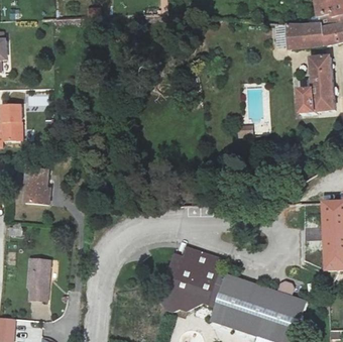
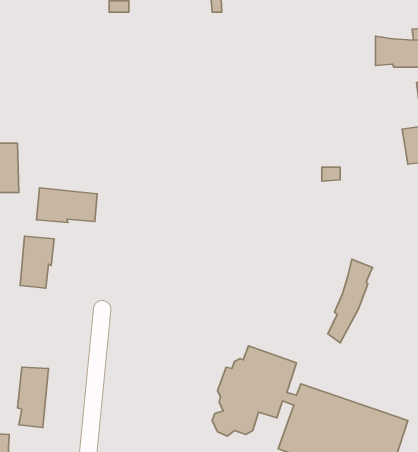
building: none -> [37,188,97,223]
building: none -> [328,259,373,343]

